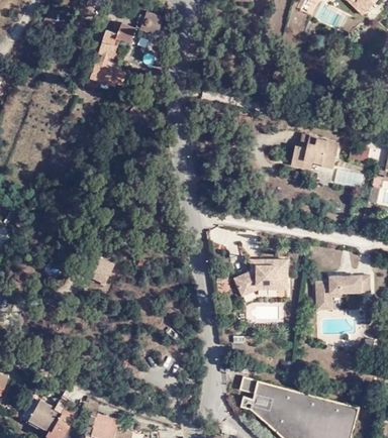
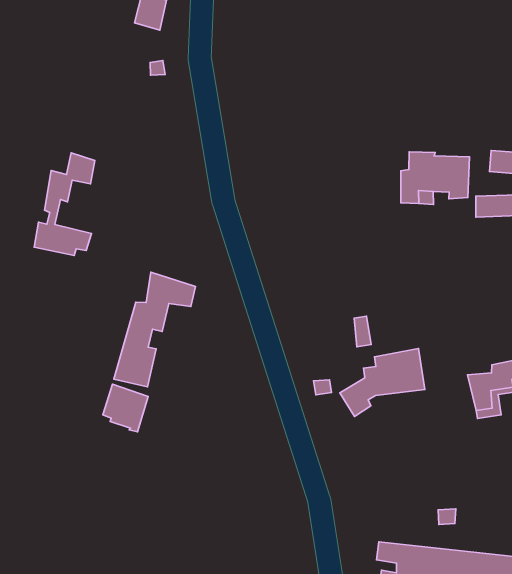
building: [88,22,134,87] -> [34,153,95,256]
building: none -> [114,272,196,387]

